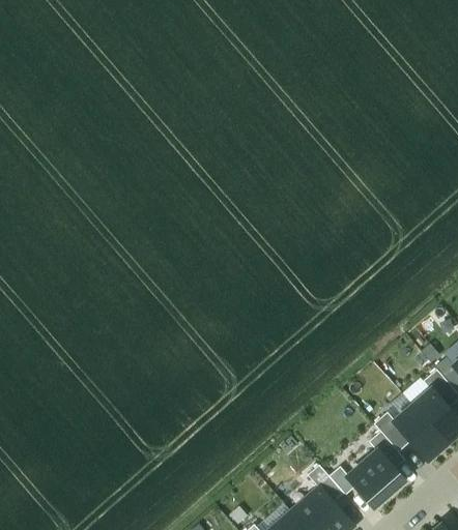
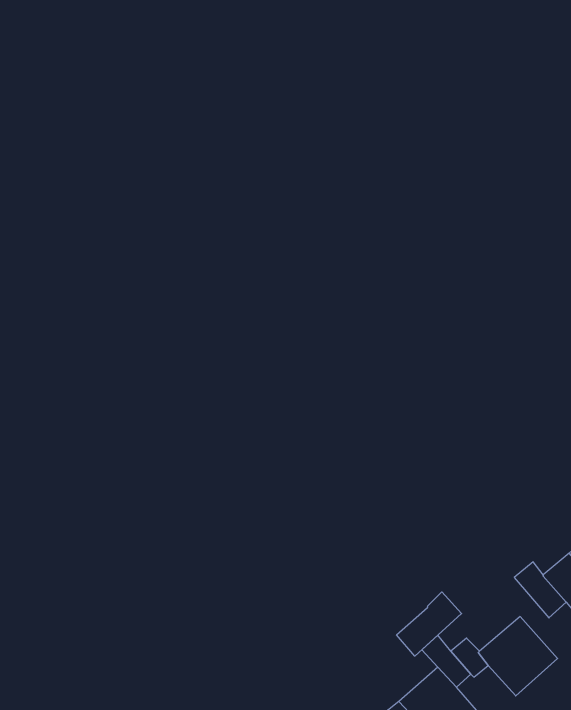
building: none -> [397,592,462,656]

